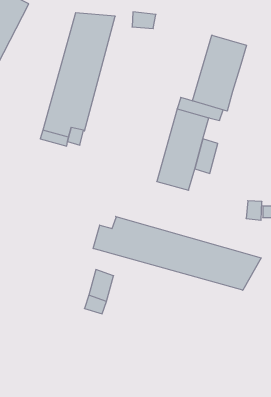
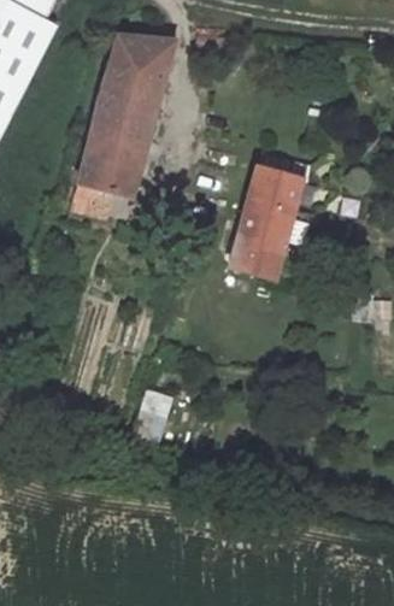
building: [193,35,246,111] -> none
building: [93,216,261,290] -> none

